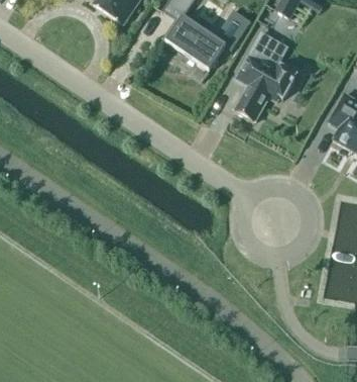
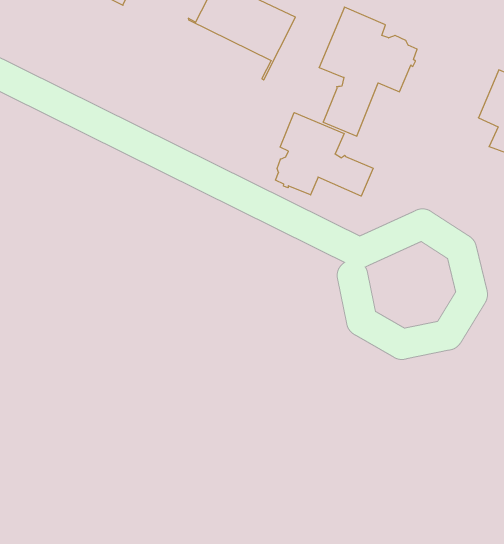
building: none -> [275,113,373,196]

